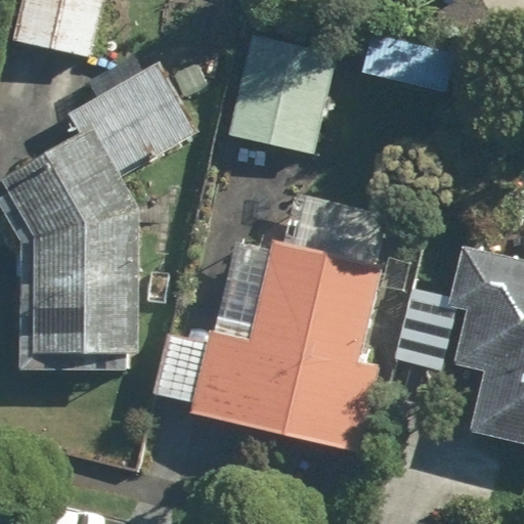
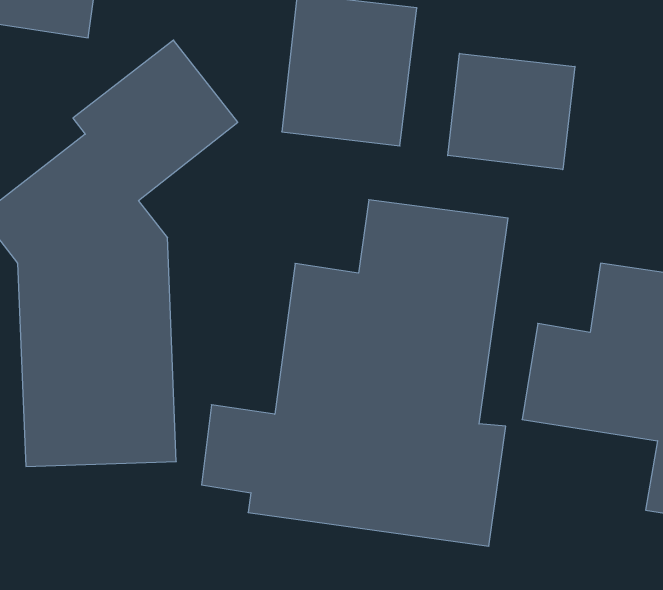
building: none -> [448,53,575,170]

